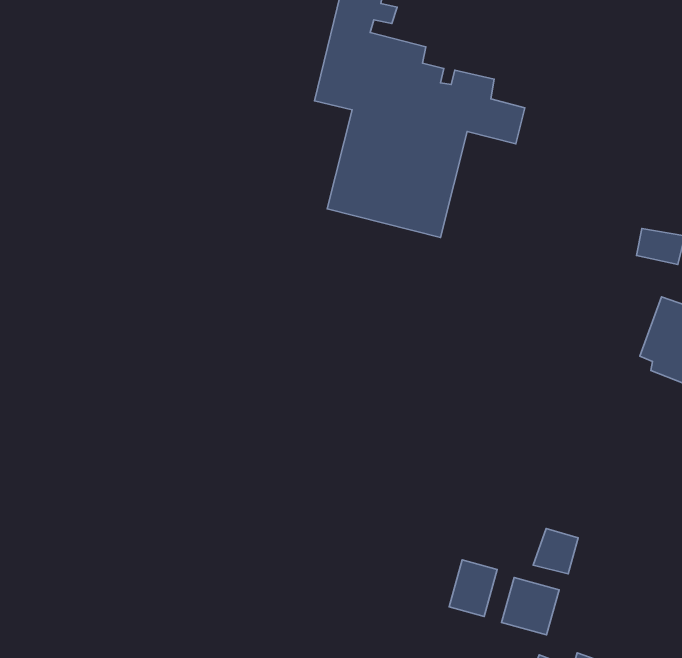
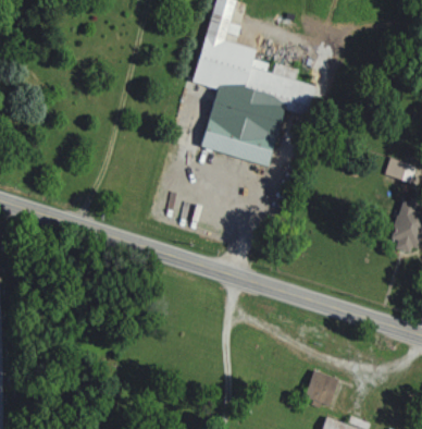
building: [533,528,578,574] -> none
building: [449,560,497,616] -> none

